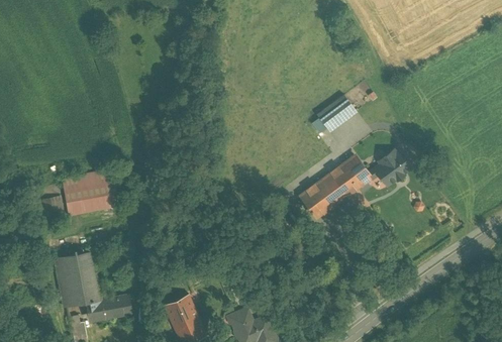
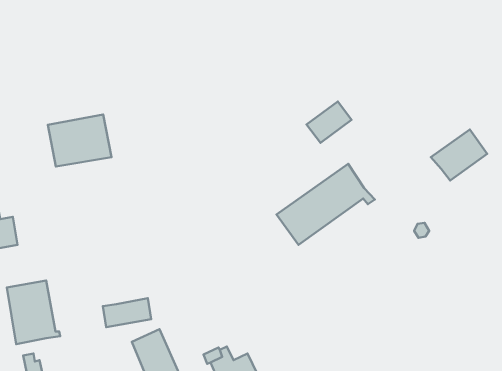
building: [368,147,417,192] -> [431,130,487,180]
building: [64,169,119,215] -> [48,114,111,166]
building: [90,296,132,321] -> [103,298,151,327]

